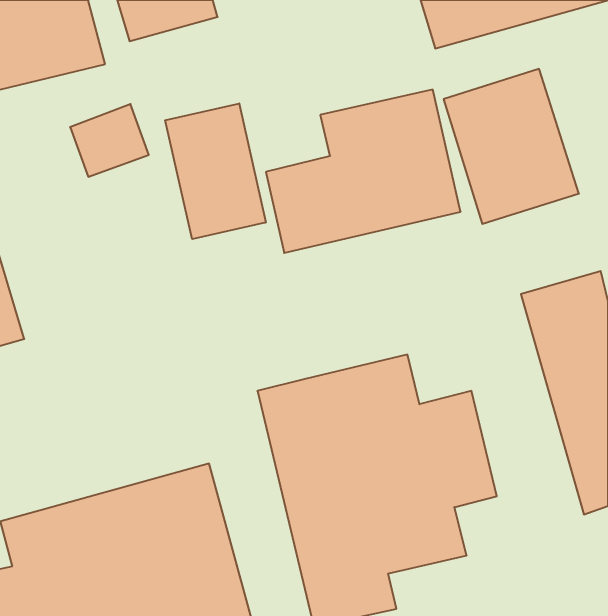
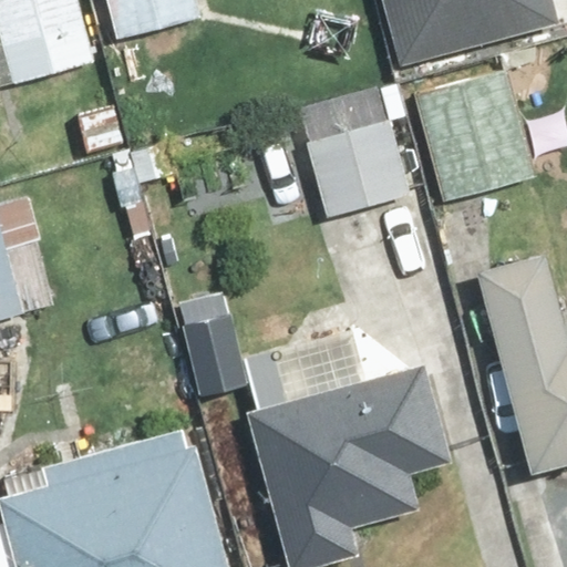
building: [165,103,266,239] -> none

